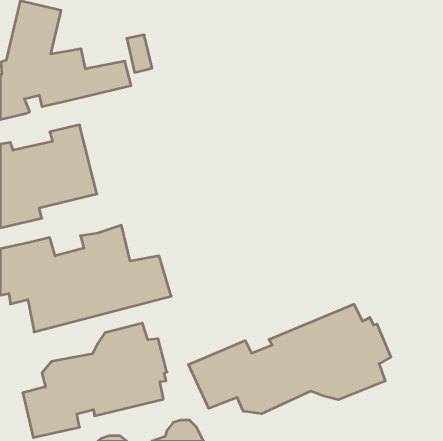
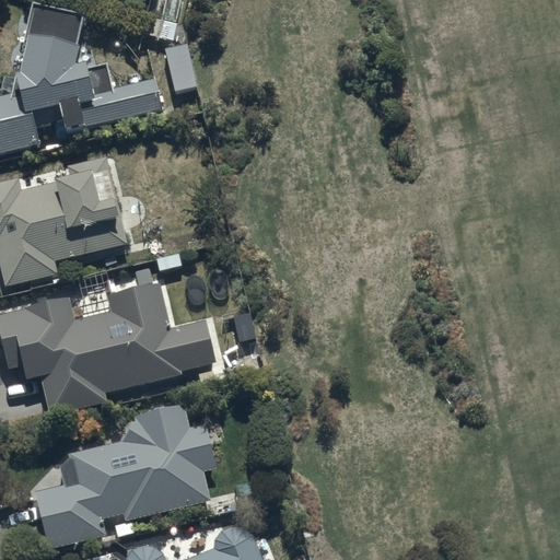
building: [188,304,391,414] -> none

